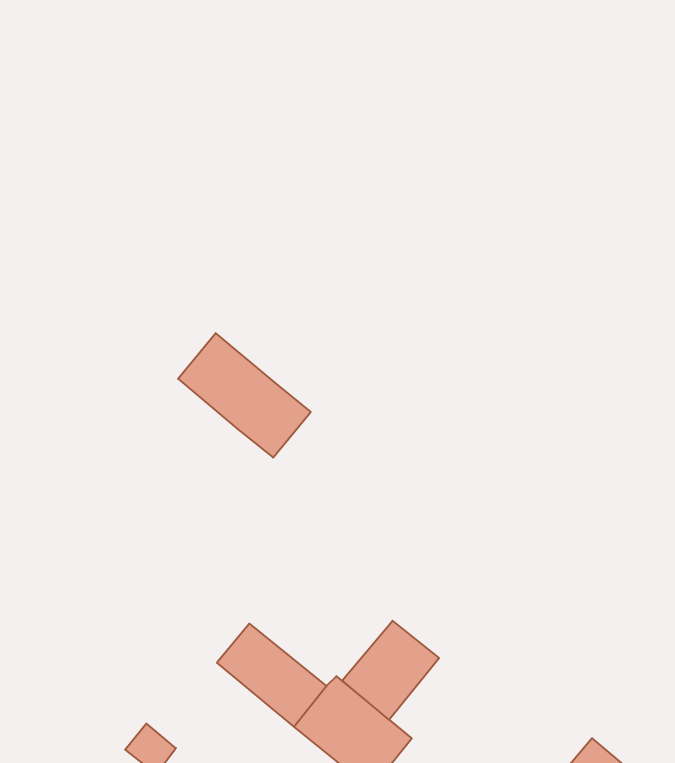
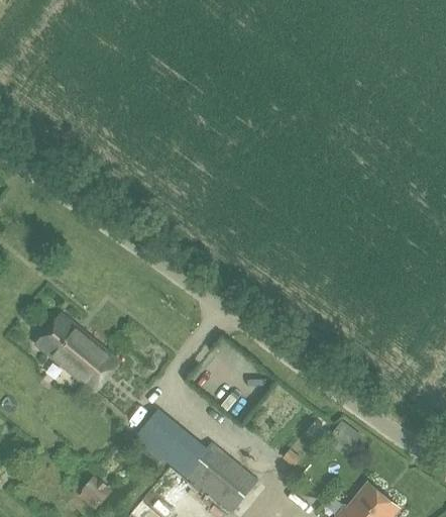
building: [178,333,311,458] -> [36,316,118,393]
building: [342,621,439,720] -> none

